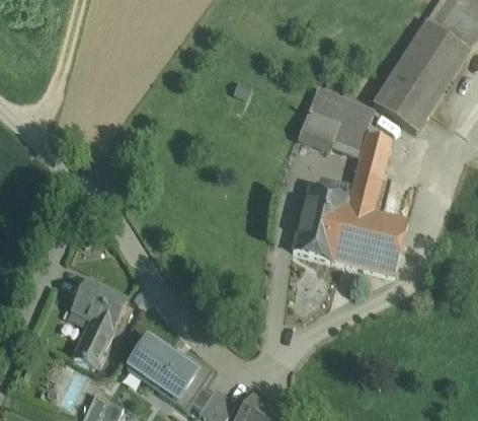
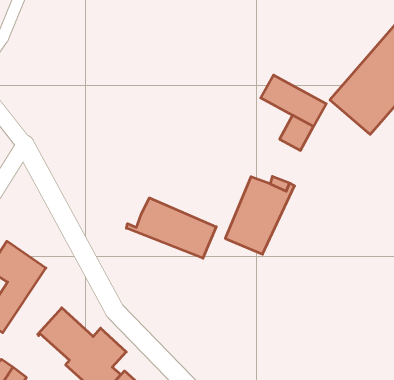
building: [298,111,340,150] -> none
building: [330,132,408,275] -> none
building: none -> [126,198,216,258]

